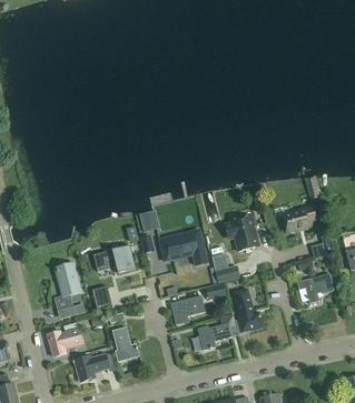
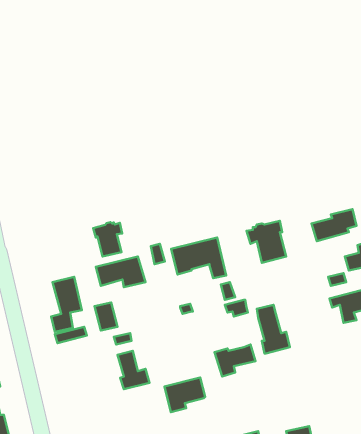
building: none -> [93,222,122,257]
building: [211,253,239,281] -> none
building: [169,294,205,324] -> [164,378,205,412]
building: [47,329,81,356] -> none
building: [73,354,108,381] -> none

